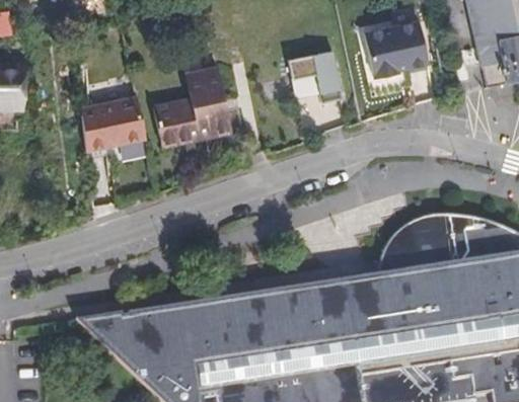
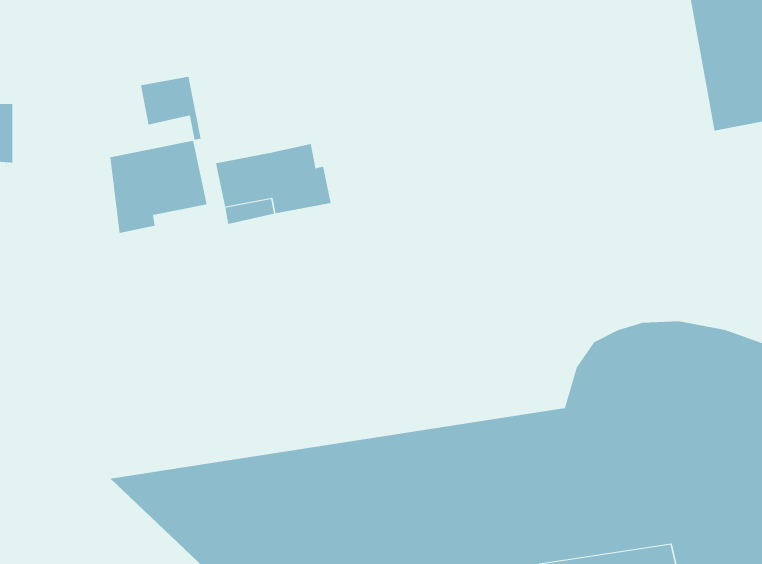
building: [361,18,425,75] -> none
building: [296,49,352,101] -> none
building: [183,69,224,111] -> [140,76,201,140]

